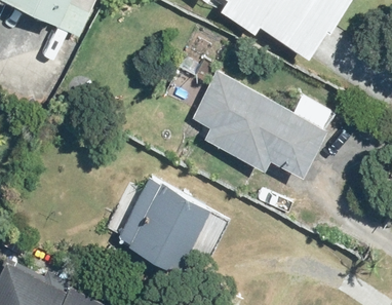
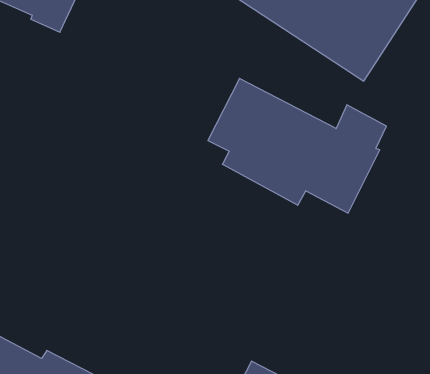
building: [117,179,210,273] -> none

